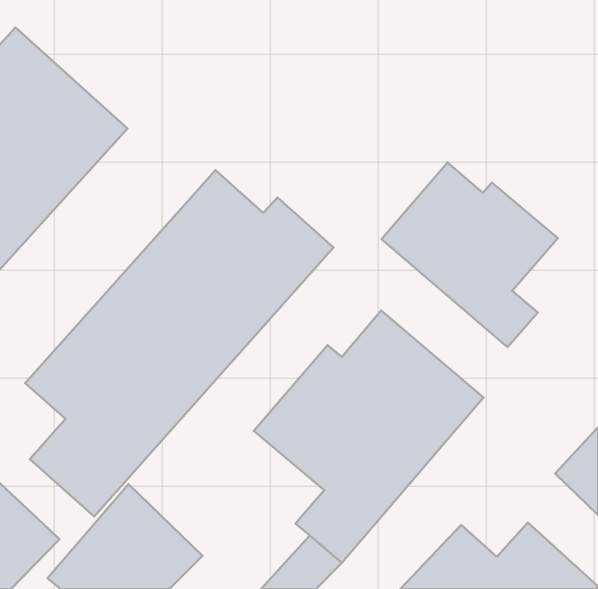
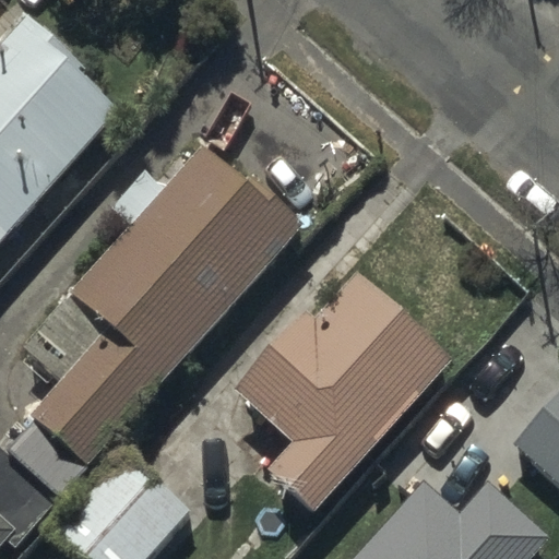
building: [381,163,558,347] -> none

